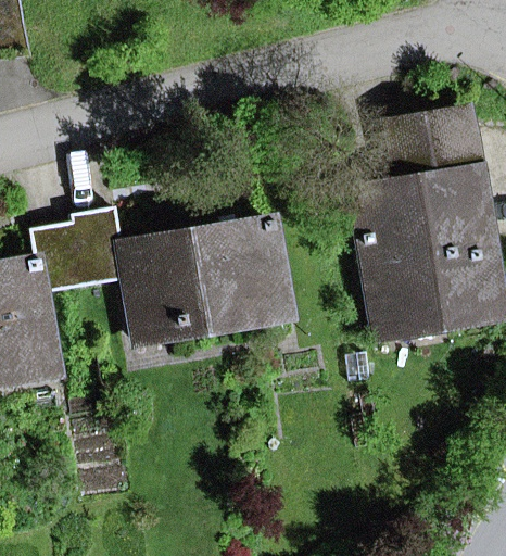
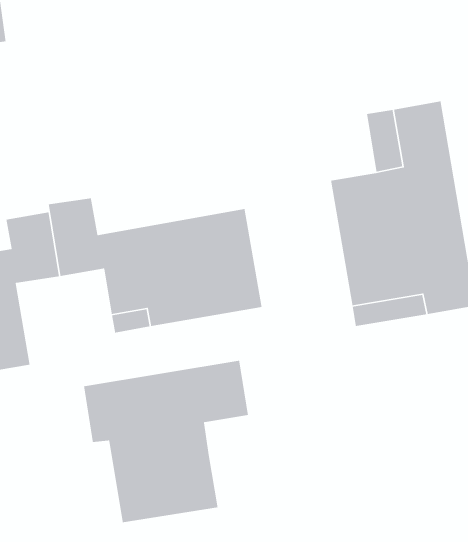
building: none -> [83,360,249,523]

